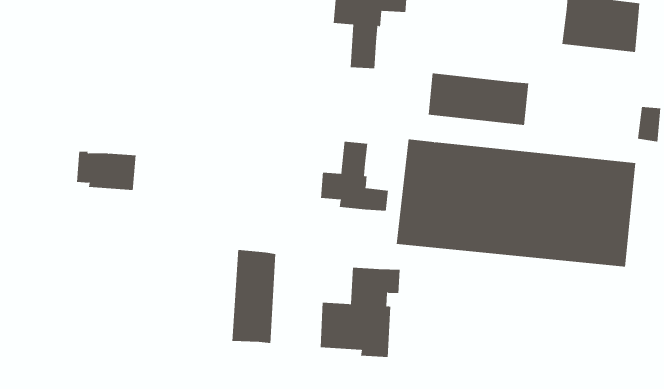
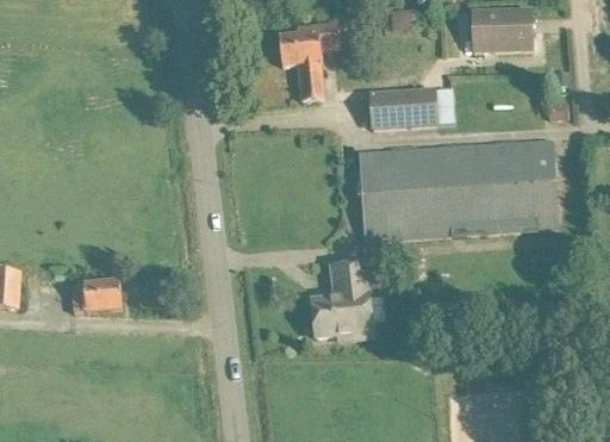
building: [320,141,388,212] -> none
building: [76,151,137,191] -> [69,279,120,312]
building: [232,249,276,344] -> none

